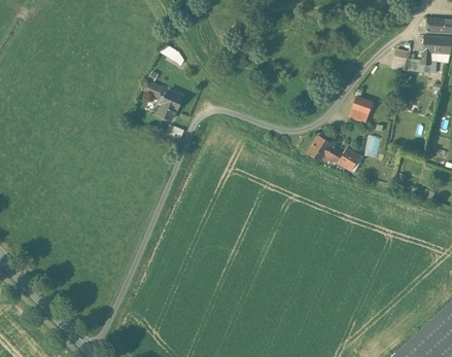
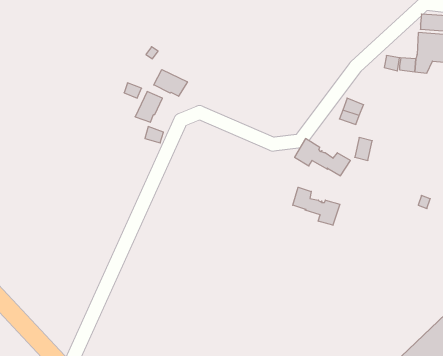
building: none -> [154,70,187,96]
building: none -> [293,187,340,225]

